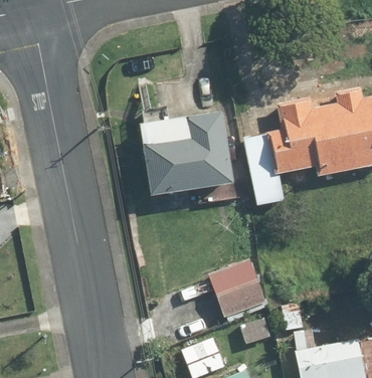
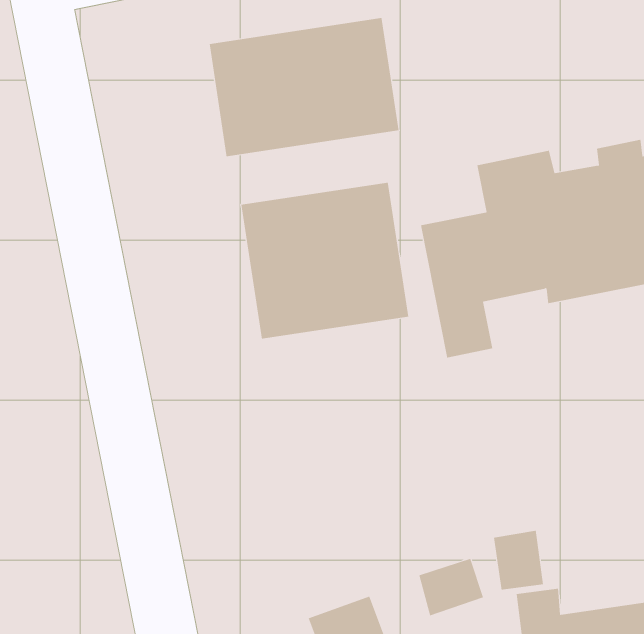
building: none -> [209,17,399,157]
building: [205,258,266,320] -> none

